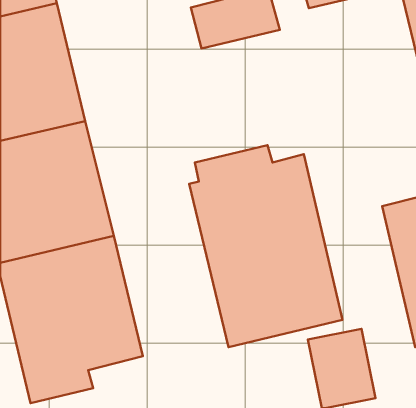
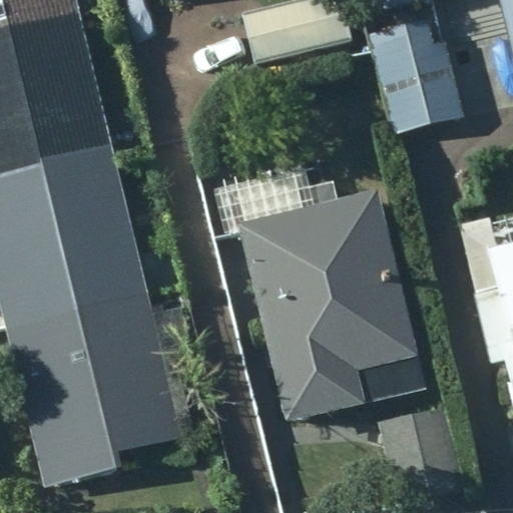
building: none -> [372,17,465,130]

